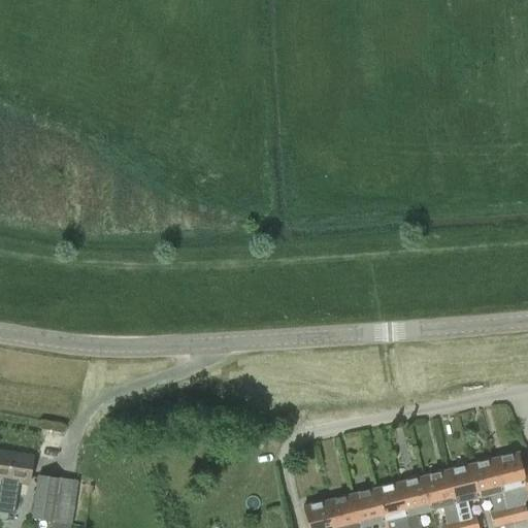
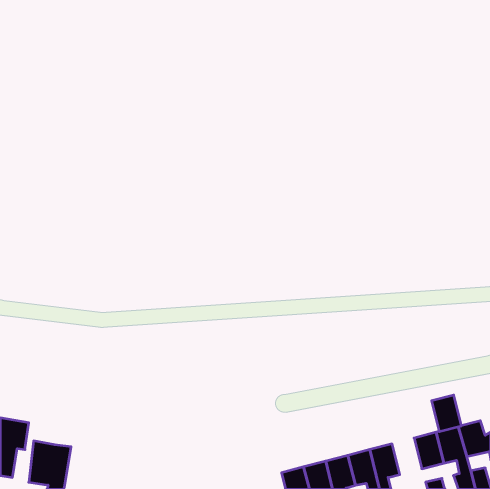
building: [422,470,454,509] -> [432,395,461,432]

